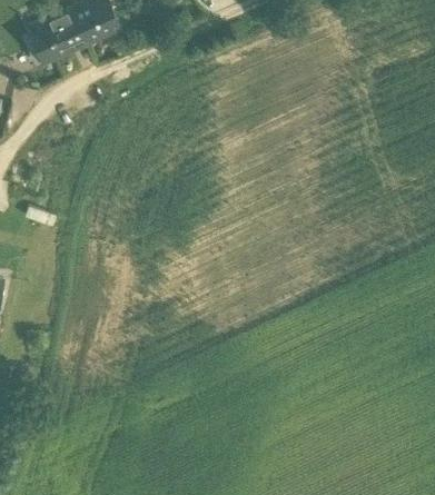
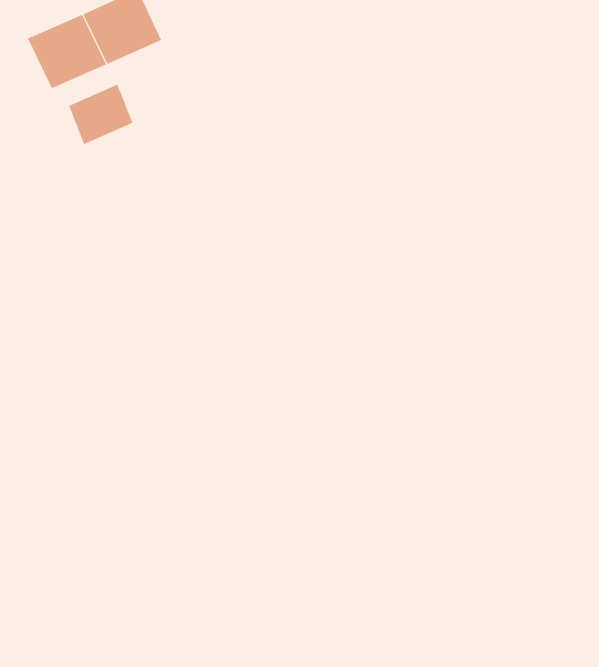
building: none -> [68,84,133,145]

